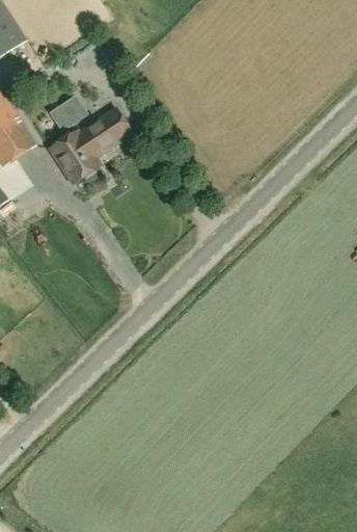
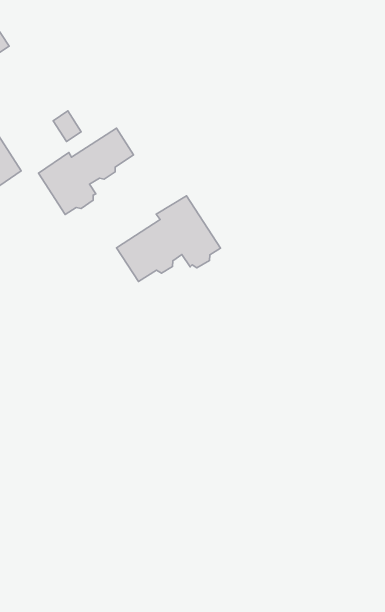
building: none -> [117,196,221,282]

